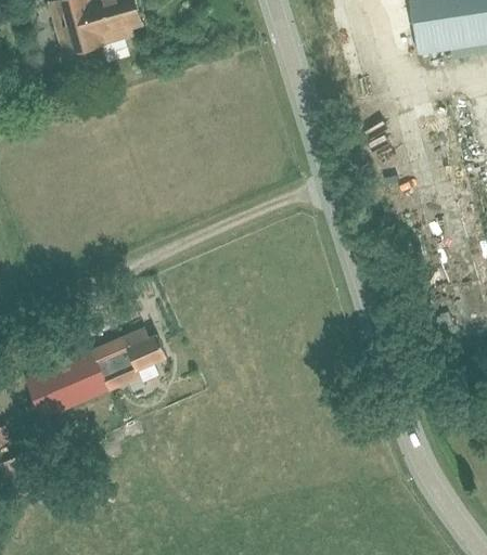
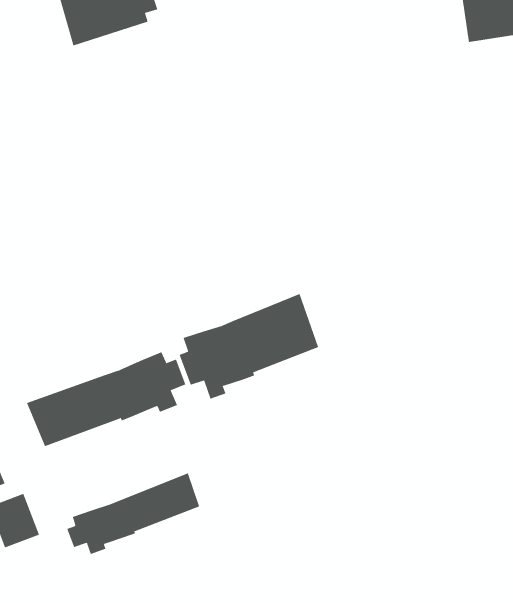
building: none -> [179,293,319,399]
building: none -> [66,473,200,555]

